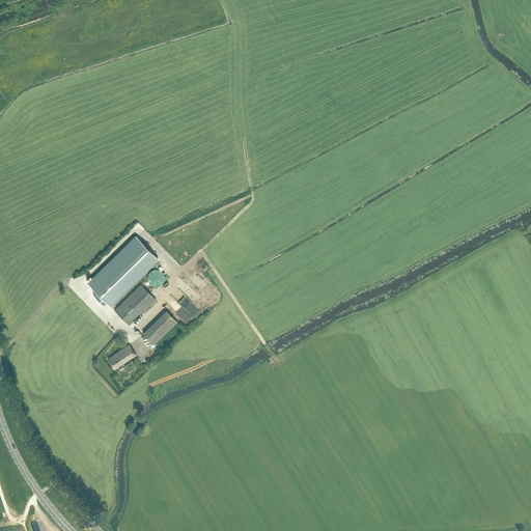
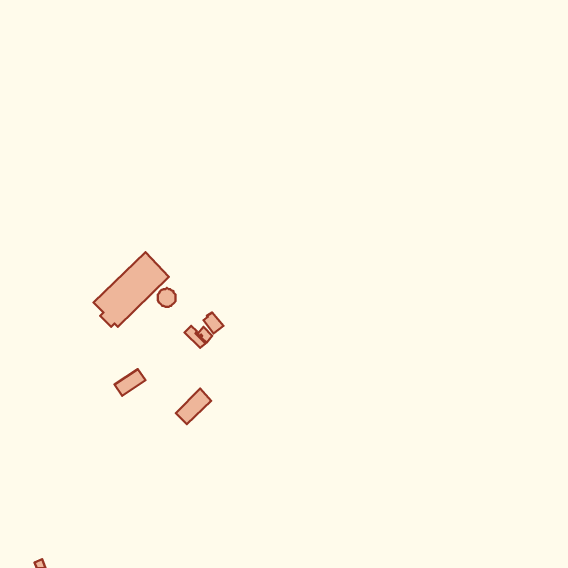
building: [114,284,156,325] -> none
building: [143,310,176,343] -> [176,389,211,424]

